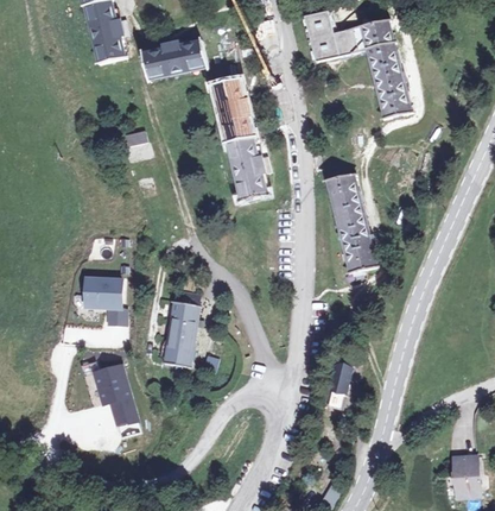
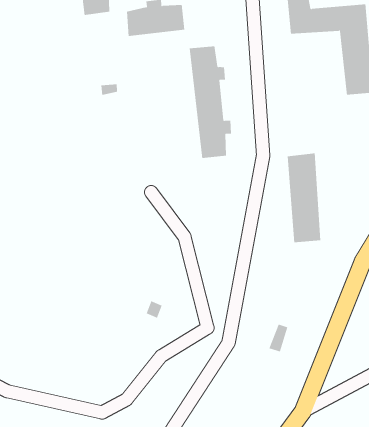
building: [81,276,121,310] -> none
building: [161,289,202,365] -> none
building: [89,362,137,427] -> none

